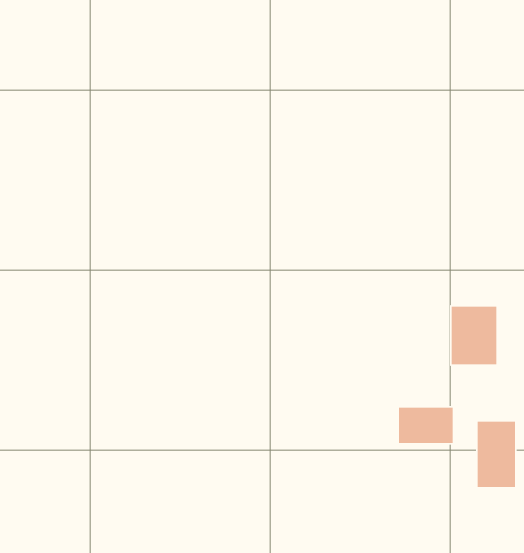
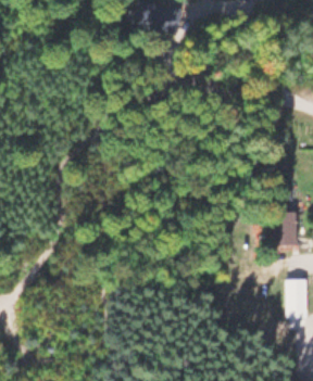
building: [398,407,453,444] -> none

